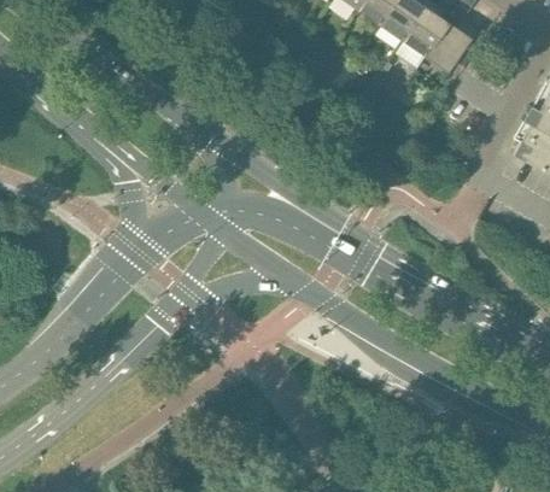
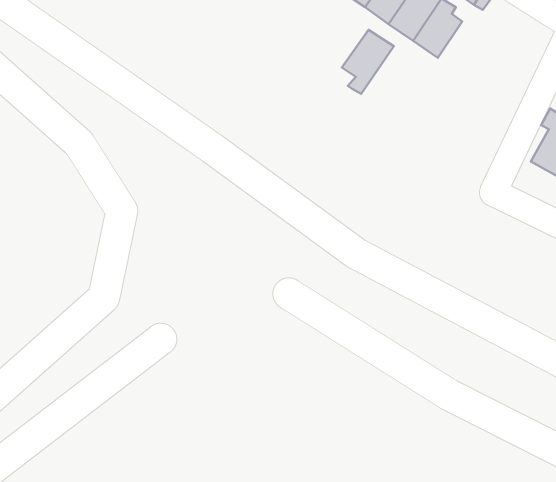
building: [426,23,481,72] -> none
building: none -> [342,30,394,94]

